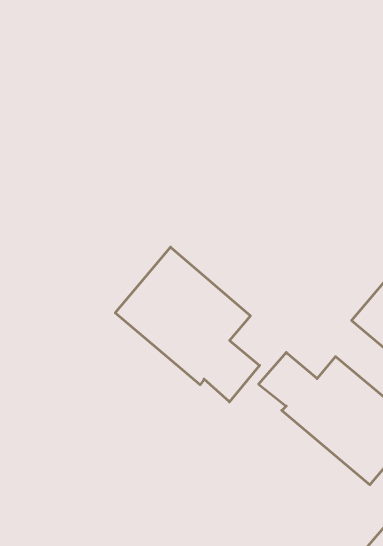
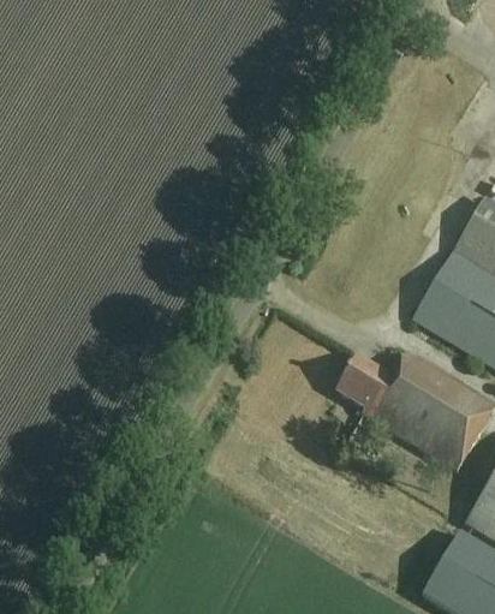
building: [115,247,260,402] -> none

